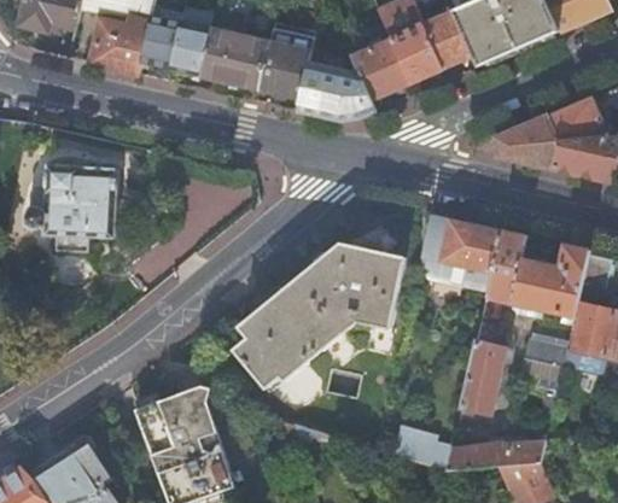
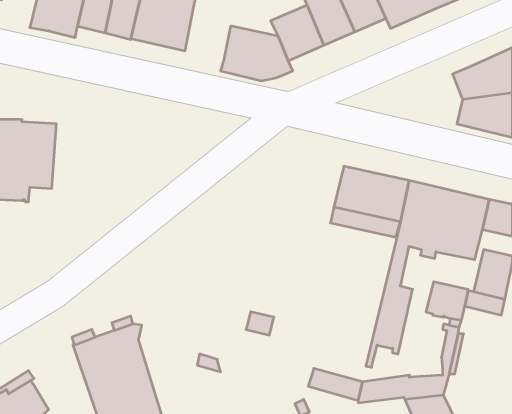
building: [258,40,311,98] -> none
building: [496,113,560,168] -> none
building: [233,241,403,386] -> none

